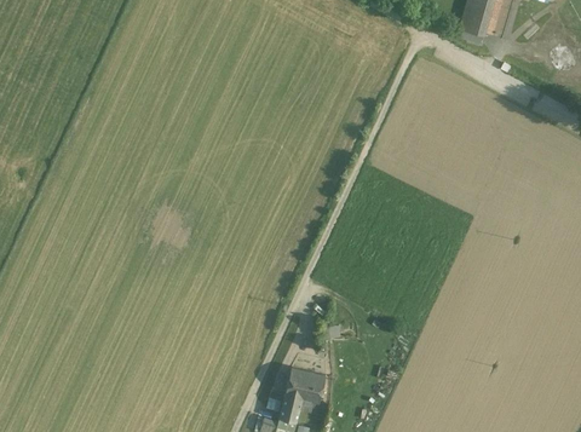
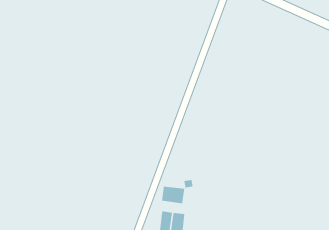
building: none -> [162,186,185,204]

